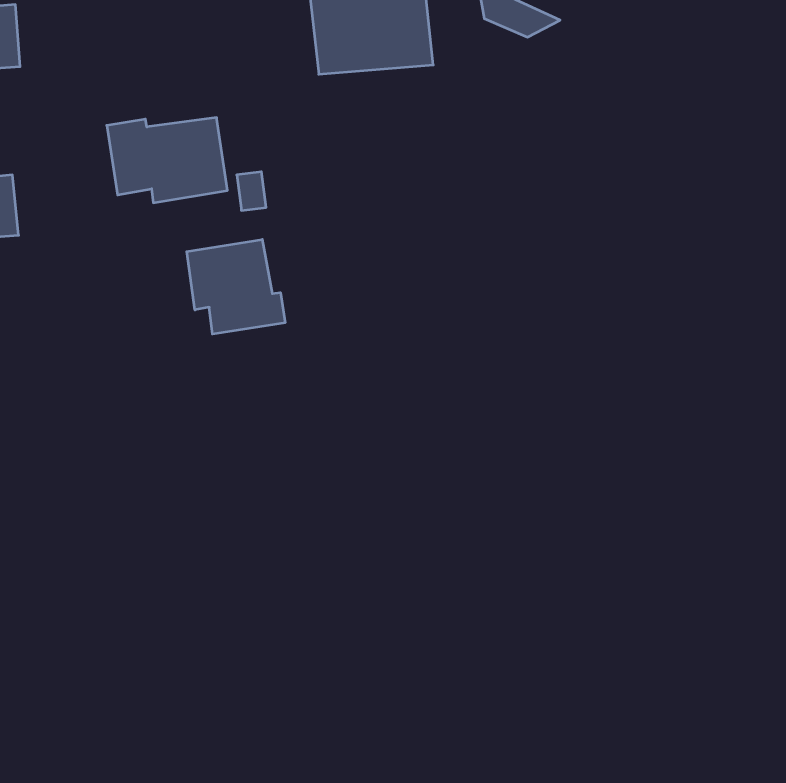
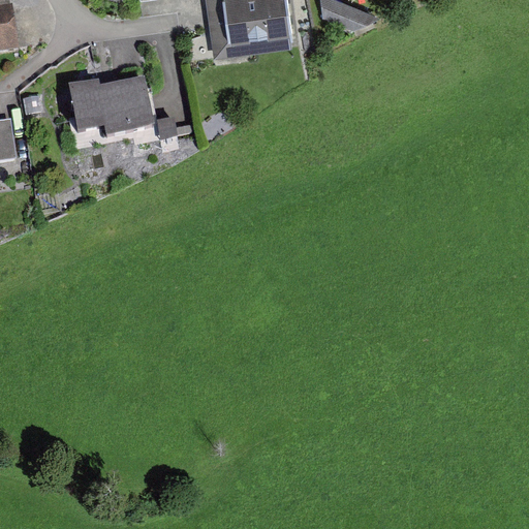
building: [187,239,285,334] -> none

